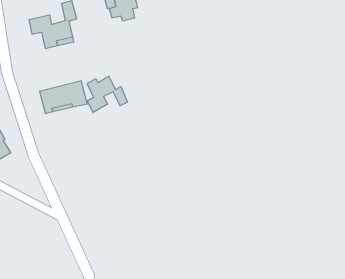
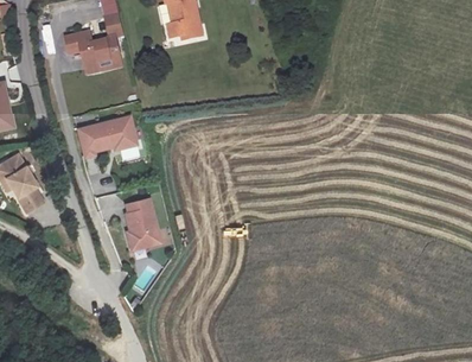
building: [87,76,128,113] -> none
building: none -> [127,198,161,250]

